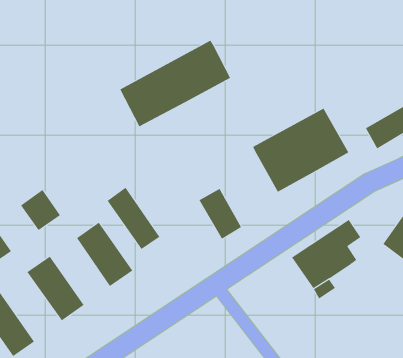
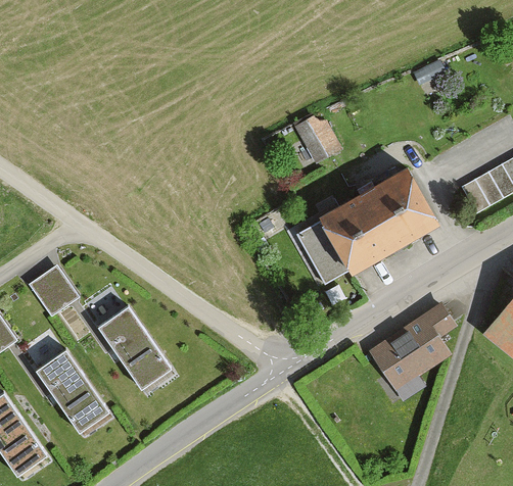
building: [120,40,231,127] -> none
building: none -> [298,126,338,167]
building: [107,187,160,250] -> none
building: [199,188,242,239] -> [296,221,351,285]

